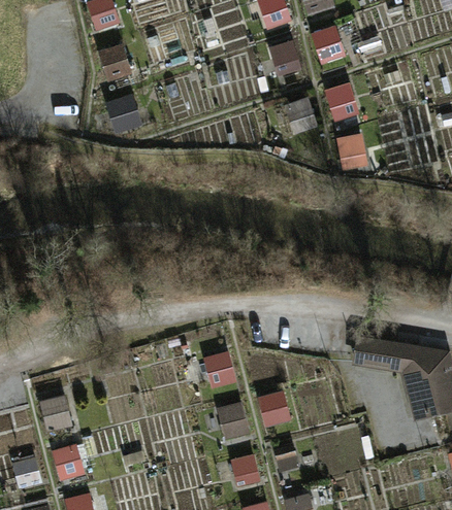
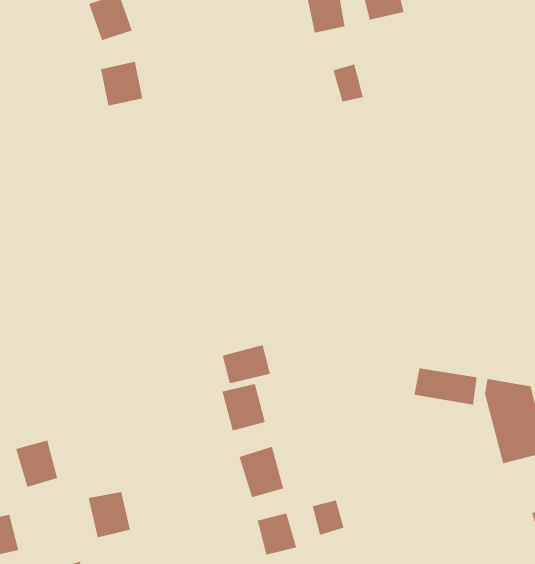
building: [323,81,358,118] -> none
building: [338,134,367,170] -> none
building: none -> [222,344,271,384]
building: [257,392,293,430] -> none
building: [52,444,86,481] -> [88,491,131,538]

